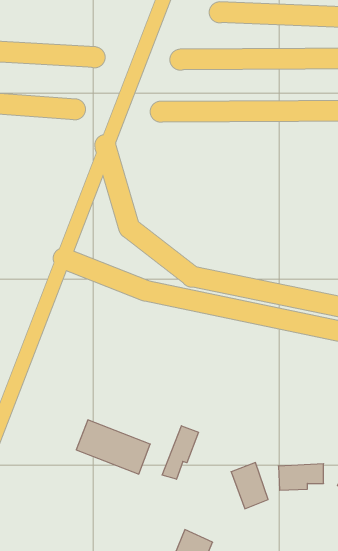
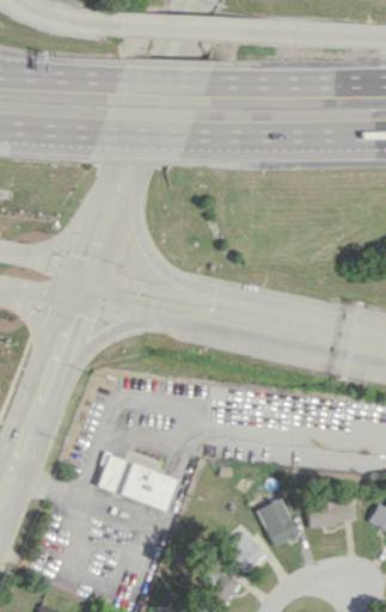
building: [162,426,198,479] -> none
building: none -> [231,532,266,573]

